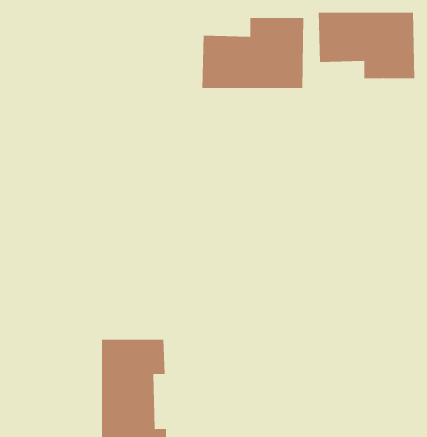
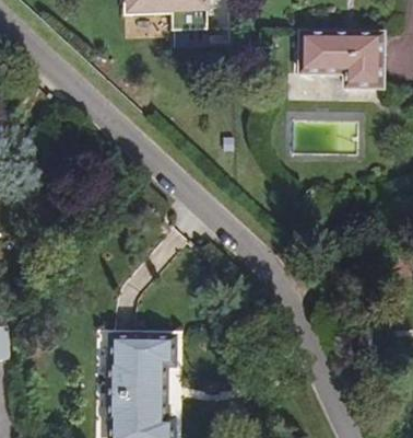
building: [202,17,304,89] -> none

